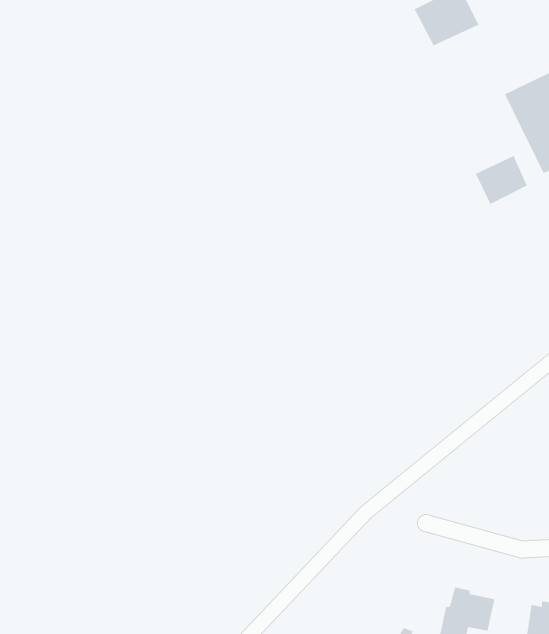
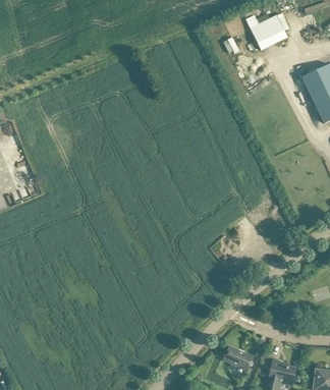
building: [475,155,528,205] -> none
building: none -> [223,345,254,370]

